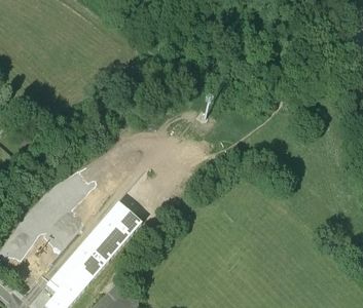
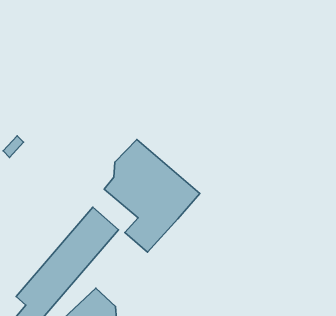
building: none -> [104,139,200,252]

